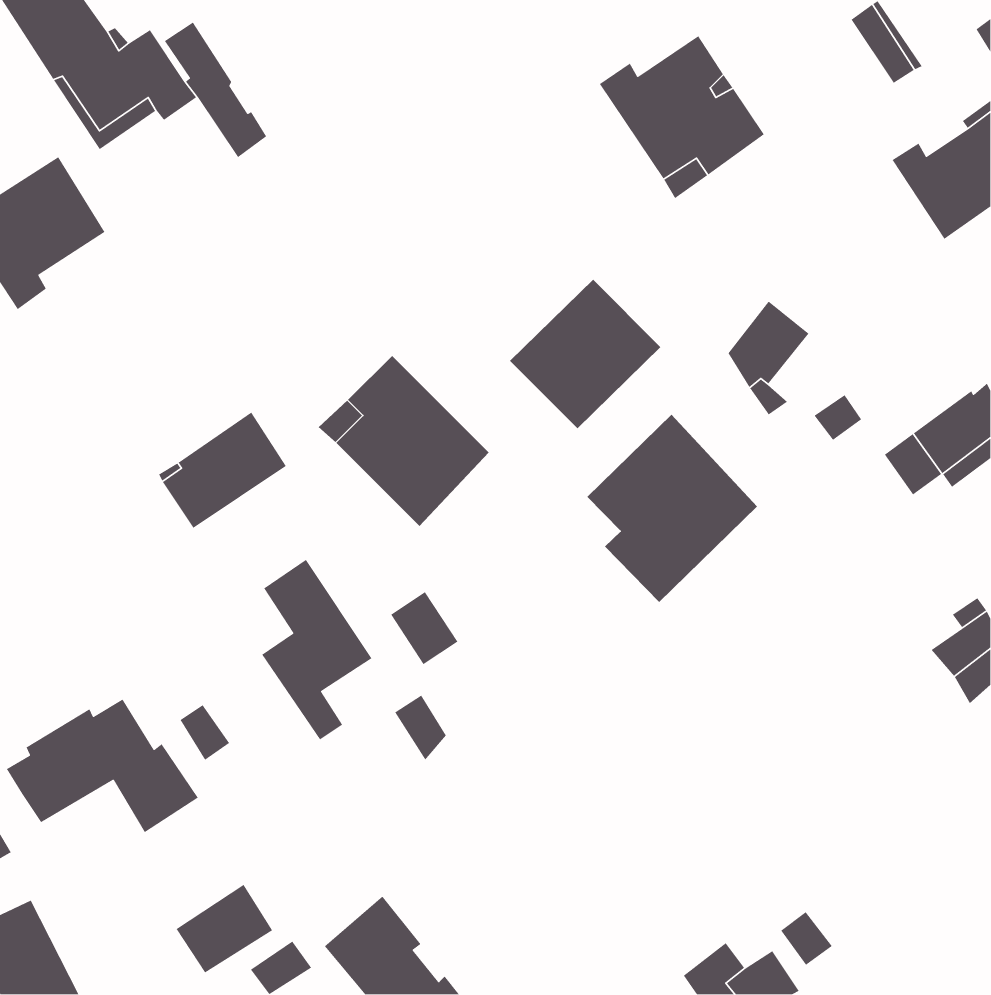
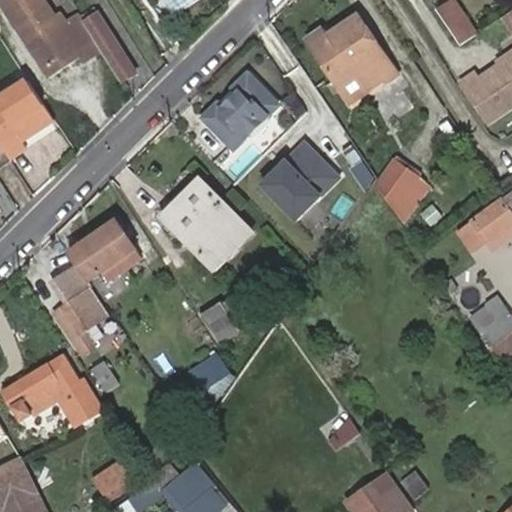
building: none -> [204,75,278,149]
building: [587,414,758,603] -> none
building: [261,559,373,740] -> [52,264,109,357]

